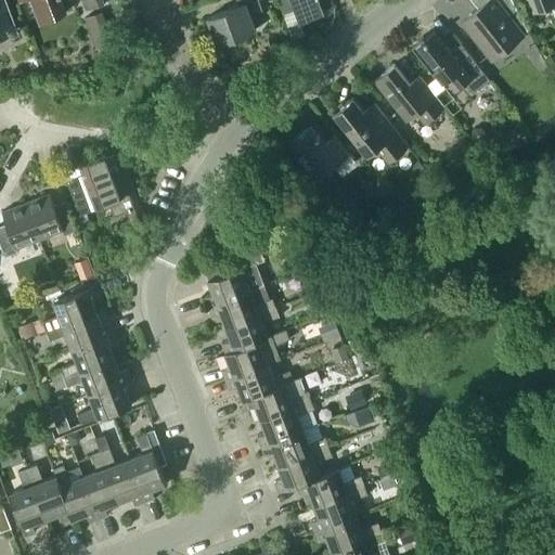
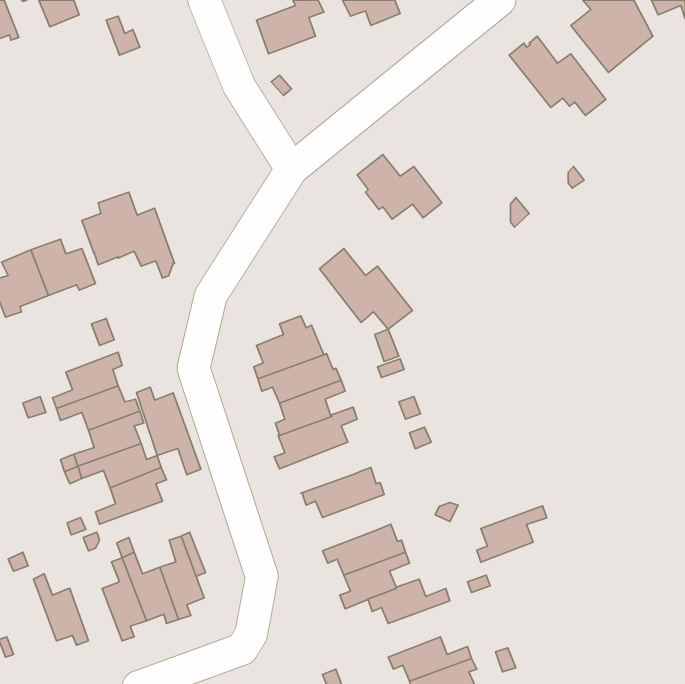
building: [373,65,444,125] -> none
building: [333,98,408,163] -> [320,249,412,329]
building: none -> [136,387,201,475]
building: [225,364,293,401] -> none
building: [257,401,313,447] -> none
building: [52,466,99,522] -> none
building: [10,469,46,537] -> none
building: [310,487,366,532] -> [477,506,547,562]

